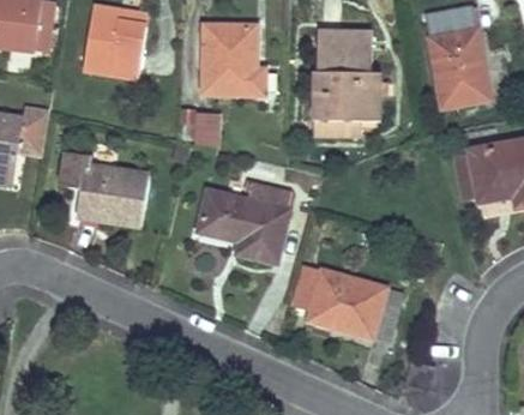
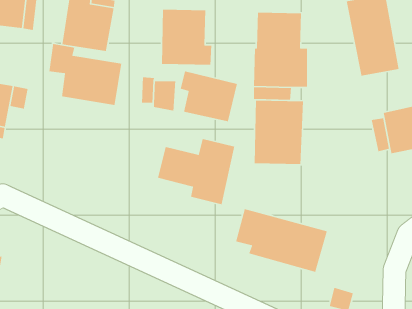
building: none -> [180,71,238,122]
building: none -> [254,100,304,165]
building: [60,150,149,225] -> [48,43,122,106]

